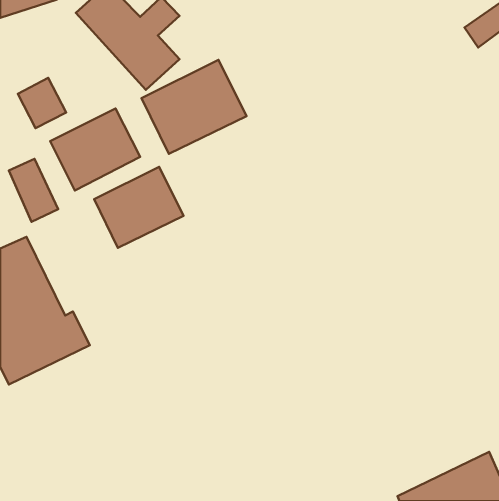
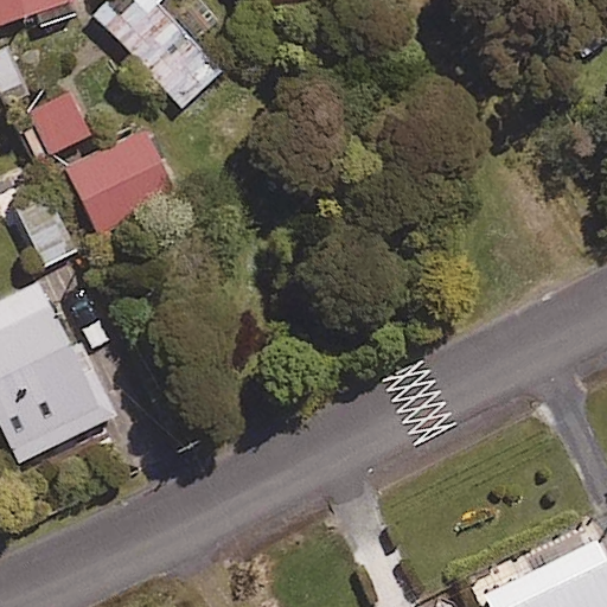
building: [141,60,247,154] -> none
building: [94,167,184,248] -> none

